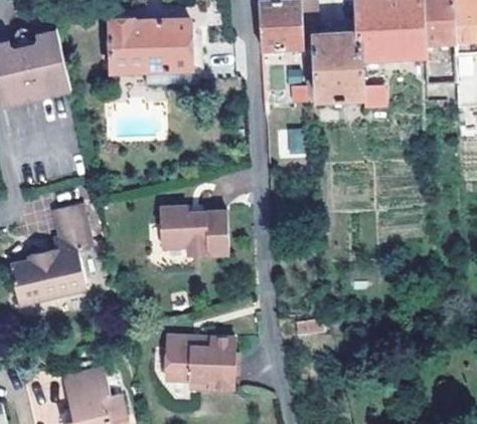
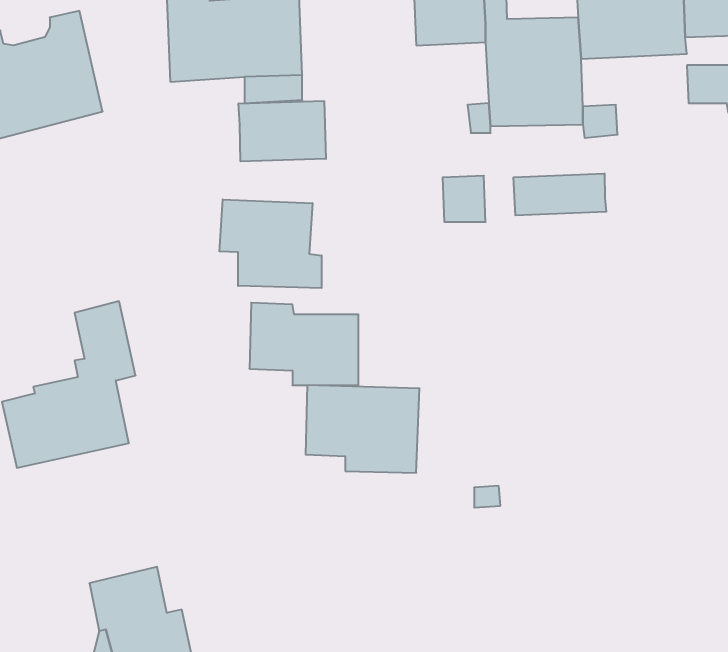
building: none -> [239,101,326,161]
building: none -> [514,173,606,215]
building: none -> [219,199,322,288]
building: [166,333,235,386] -> [306,385,420,473]

